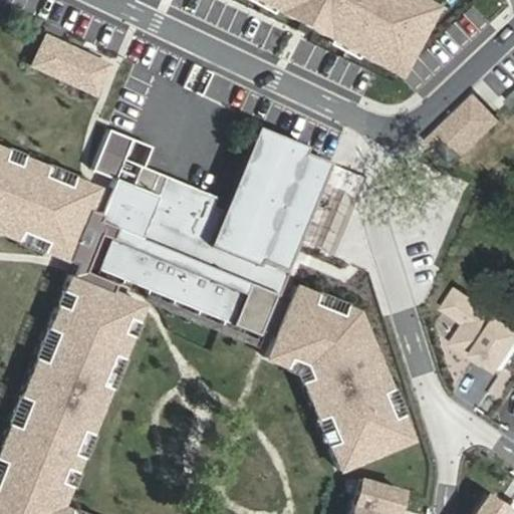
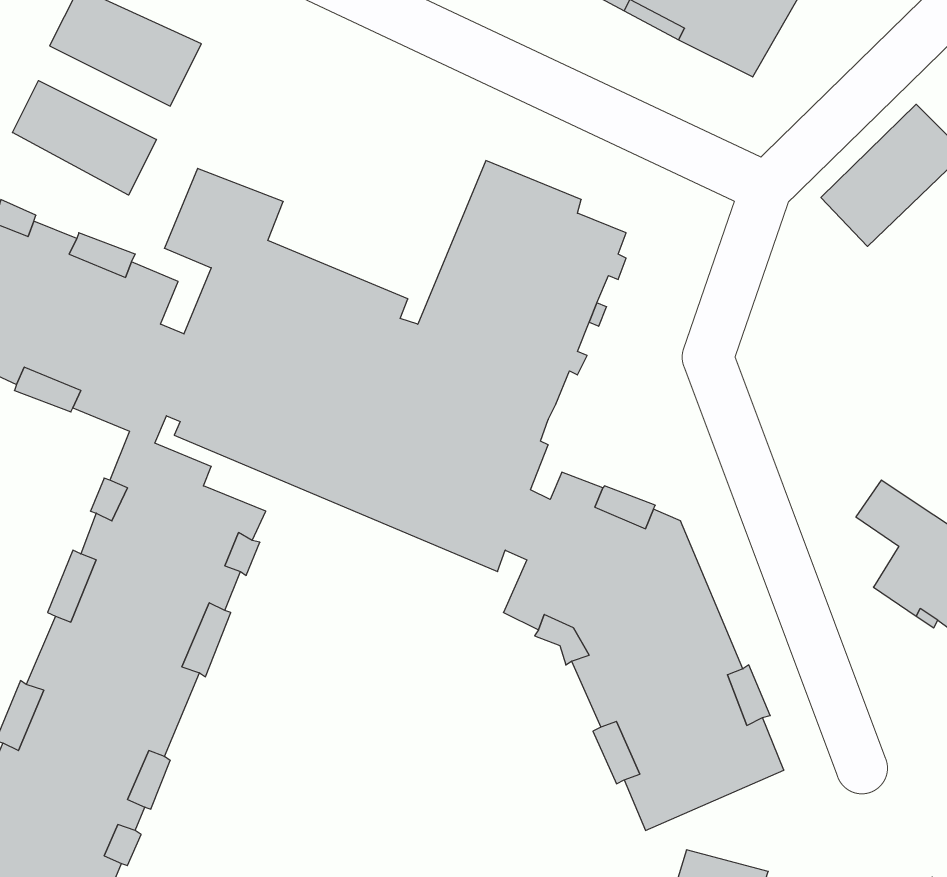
building: none -> [12,81,156,195]

